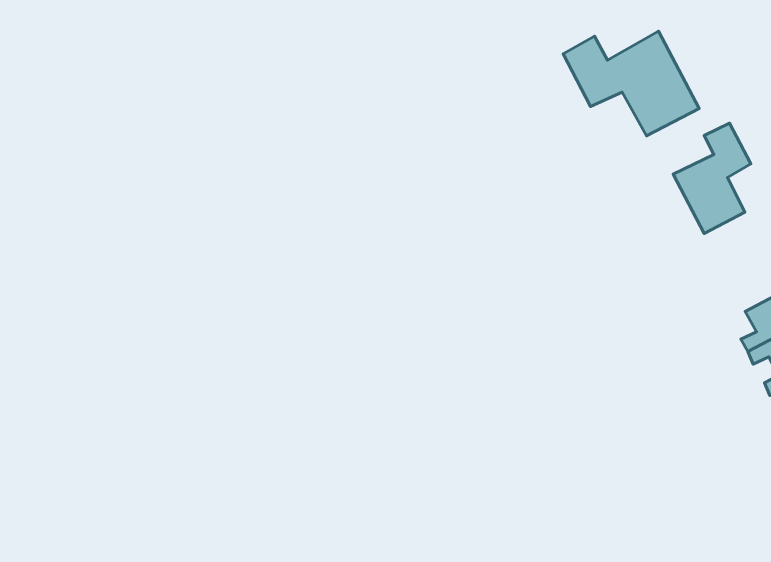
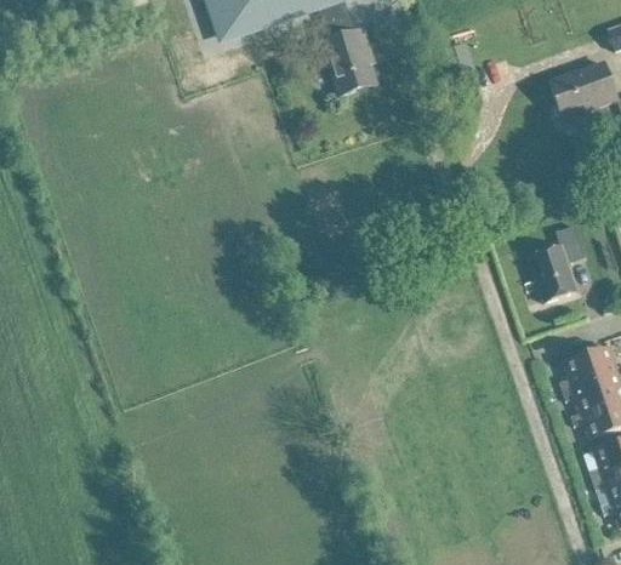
building: [563,31,699,136] -> none

